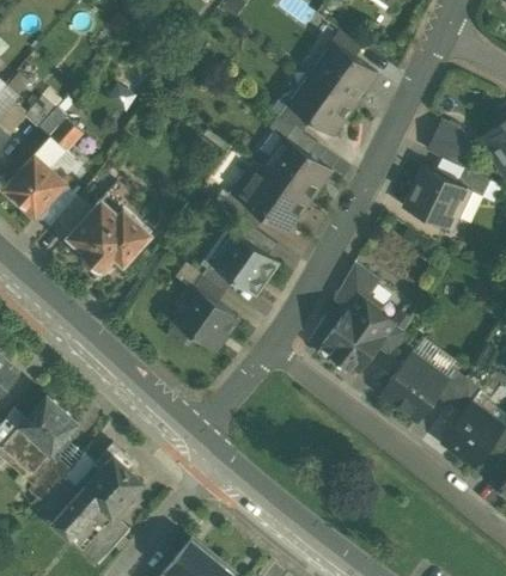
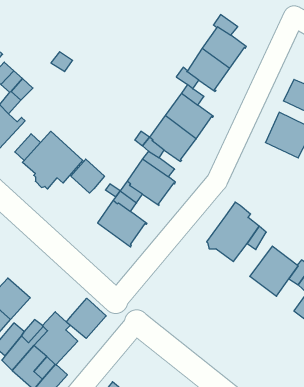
building: none -> [71,159,104,193]
building: [334,263,379,310] -> none
building: none -> [66,298,106,338]

